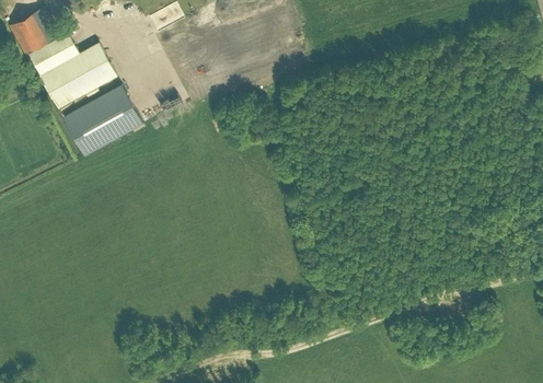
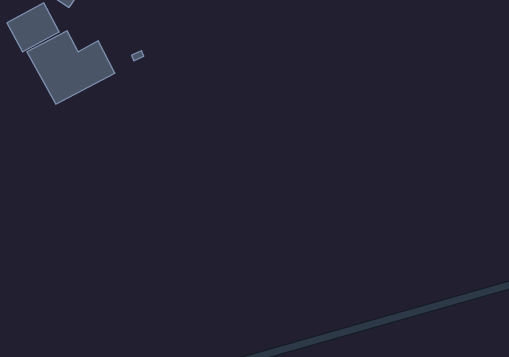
building: [62,84,142,155] -> none

